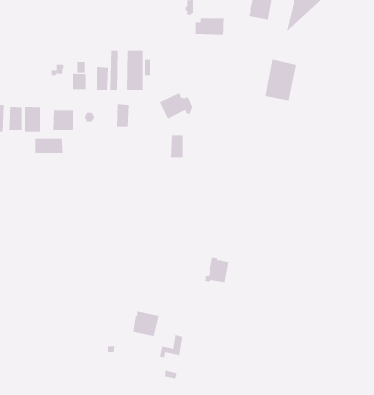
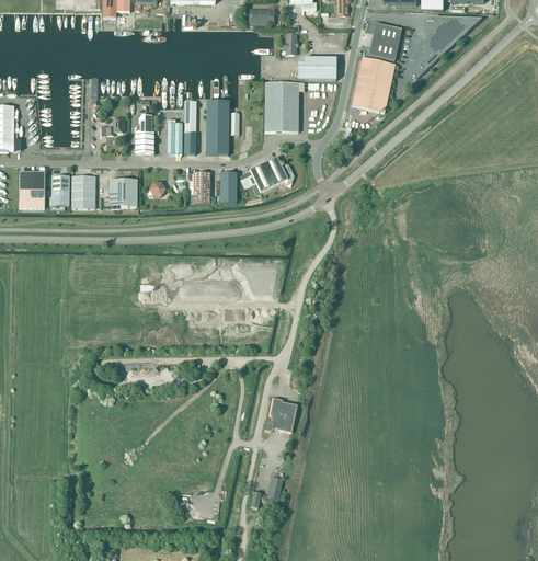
building: none -> [264,81,304,131]
building: [264,59,297,101] -> [352,56,394,112]
building: [170,135,183,158] -> [219,172,237,203]
building: [35,138,63,154] -> none
building: [204,257,229,283] -> [264,398,297,432]
building: [133,310,159,337] -> none

